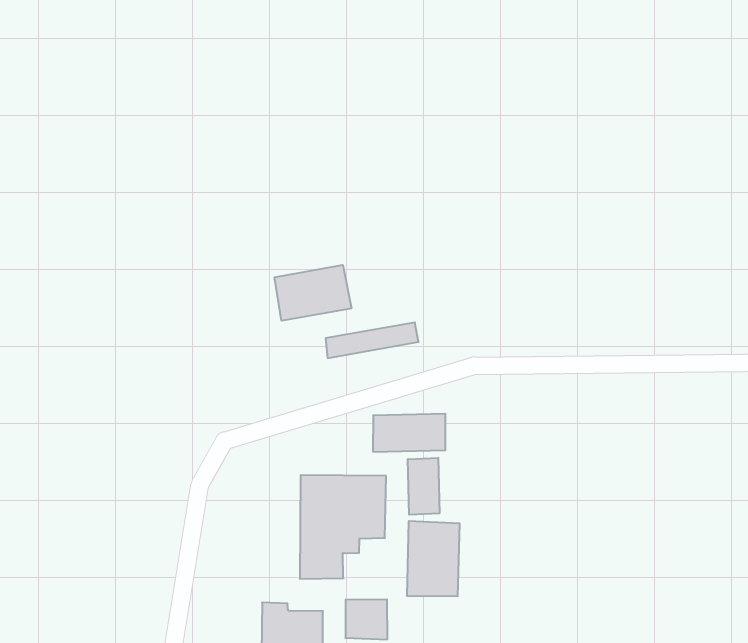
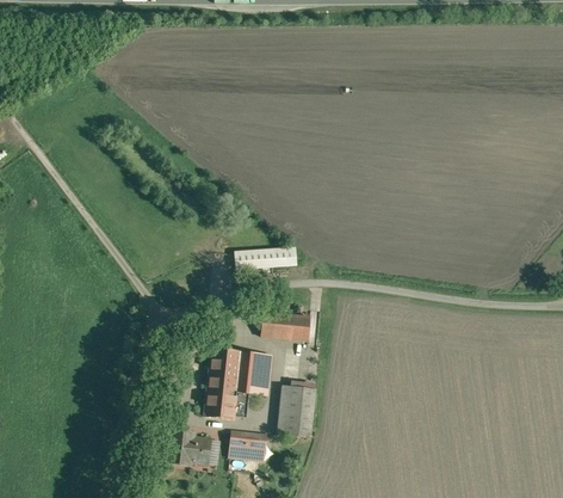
building: [275,265,351,321] -> none
building: [408,458,439,515] -> none

